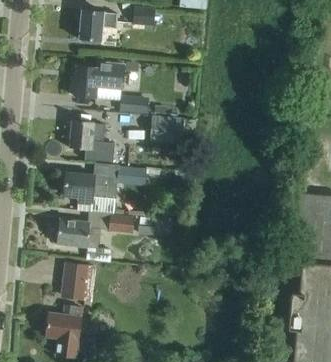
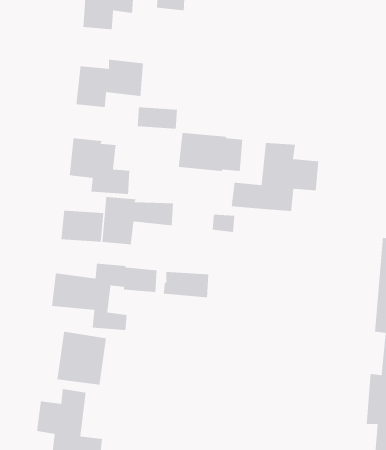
building: none -> [231,142,319,212]

